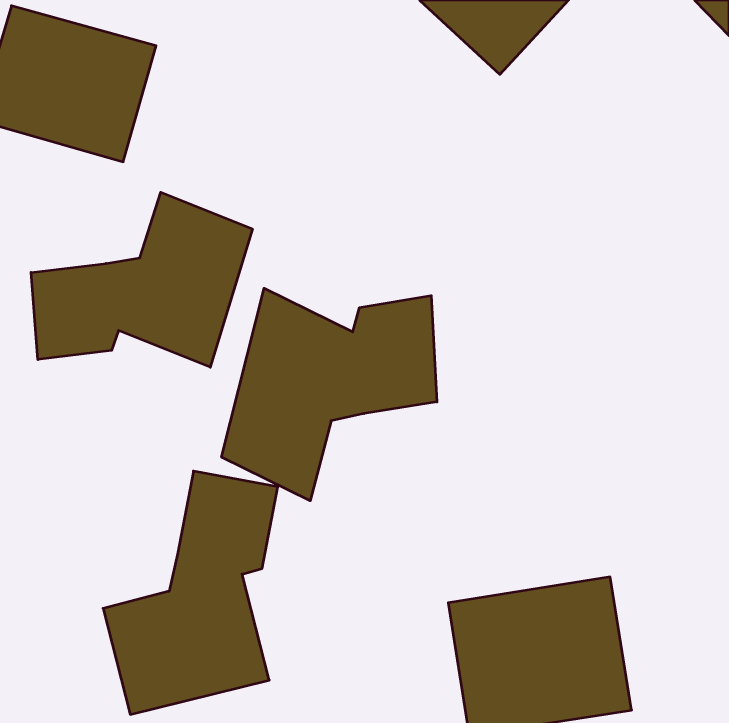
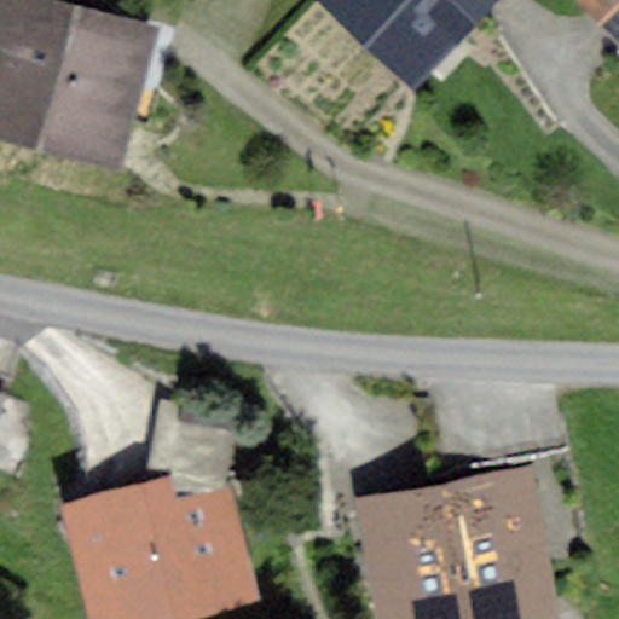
building: [31,192,252,367] -> none
building: [222,288,437,501] -> none

